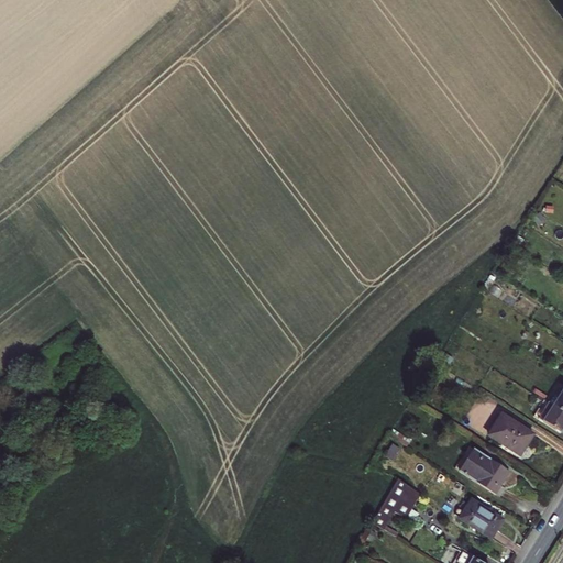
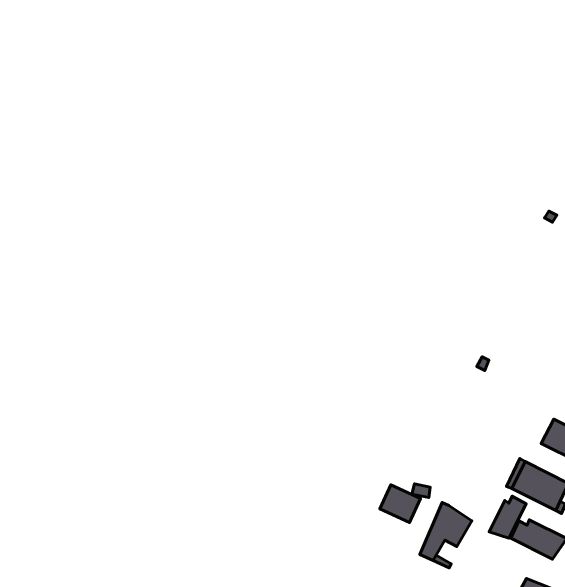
building: none -> [380,485,420,523]
building: none -> [489,496,526,538]

